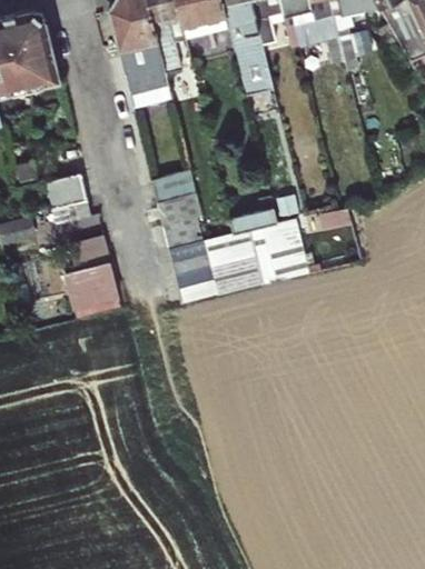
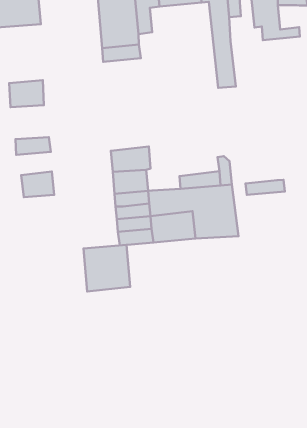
building: [151,169,197,204] -> none
building: [47,173,88,208] -> [9,80,44,107]
building: [63,262,120,319] -> [84,245,130,292]

